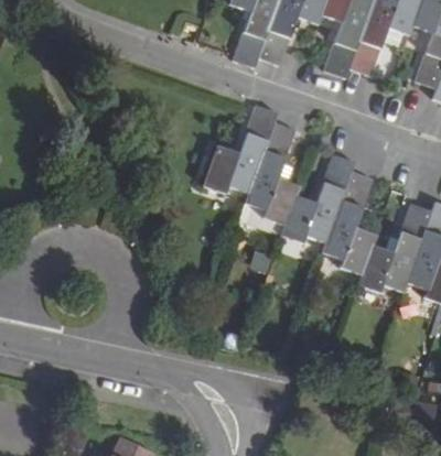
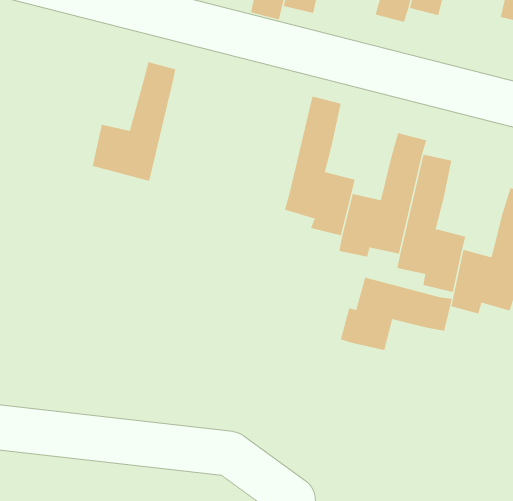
building: [207,105,276,192] -> [92,62,176,181]
building: none -> [340,277,452,351]

